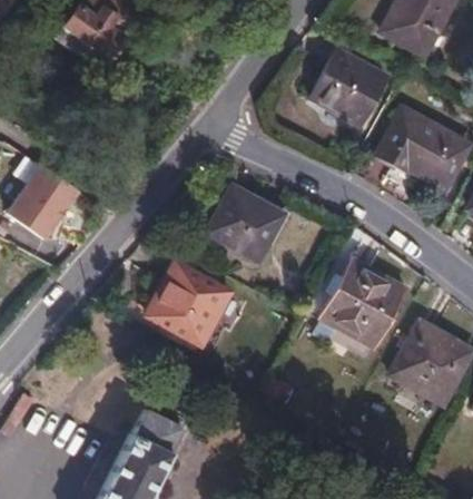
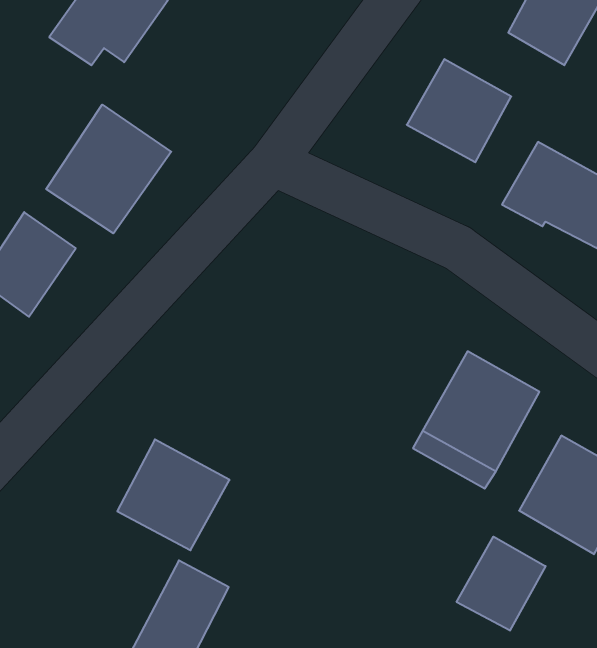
building: none -> [46,105,171,233]
building: [208,187,283,258] -> none
building: [149,264,229,343] -> [117,439,230,550]
building: none -> [457,537,546,631]

